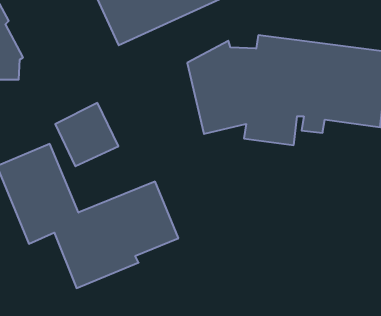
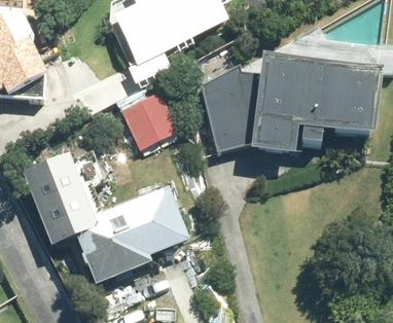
building: [55,103,118,166] -> [117,85,176,144]

